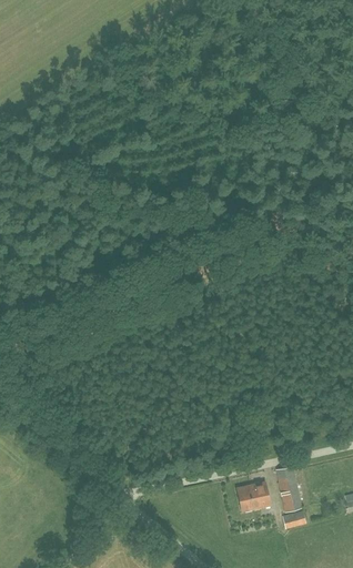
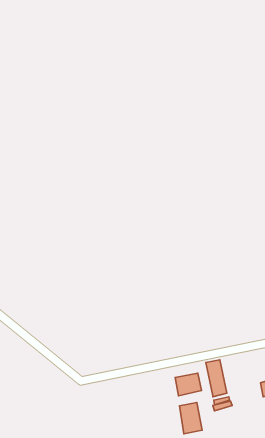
building: none -> [179,402,202,434]

